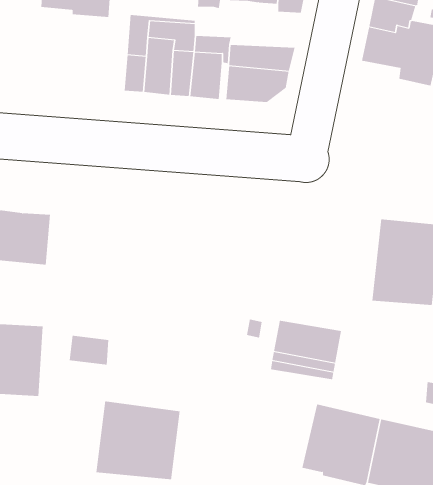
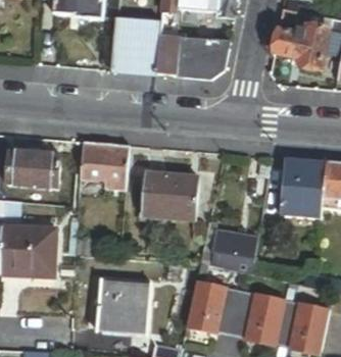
building: none -> [80,142,129,189]
building: none -> [140,172,197,220]
building: none -> [186,274,242,328]

